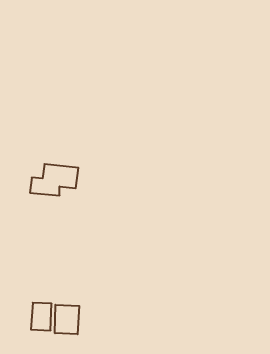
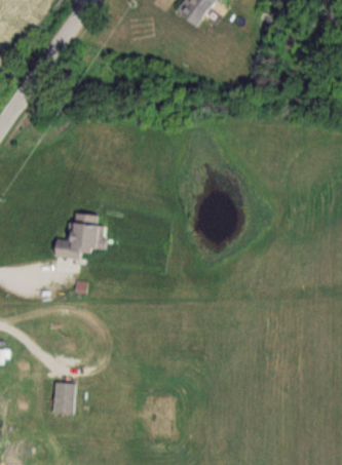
building: [55,305,79,334] -> none

